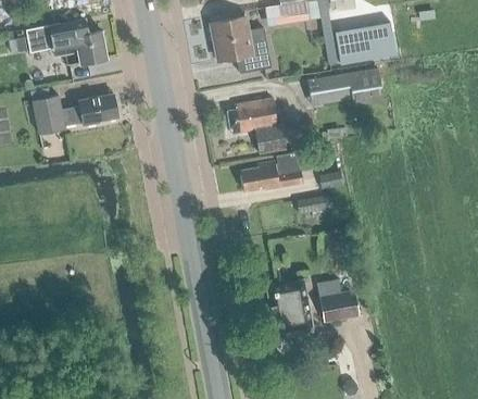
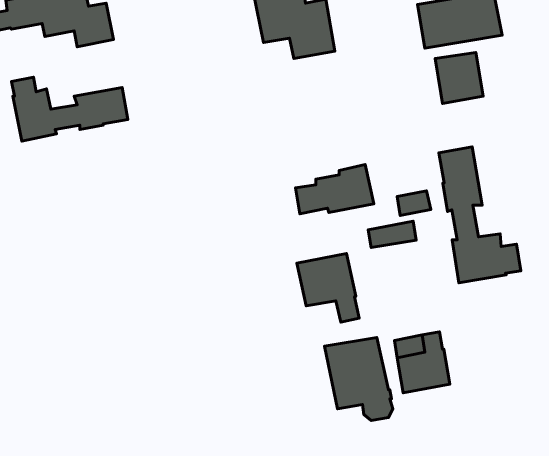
building: [307,72,351,104] -> none
building: [228,97,287,151] -> none
building: none -> [439,147,521,283]
building: none -> [297,253,359,322]

